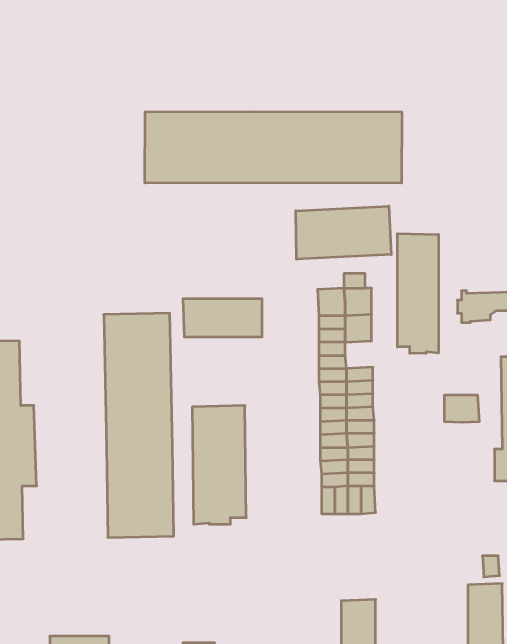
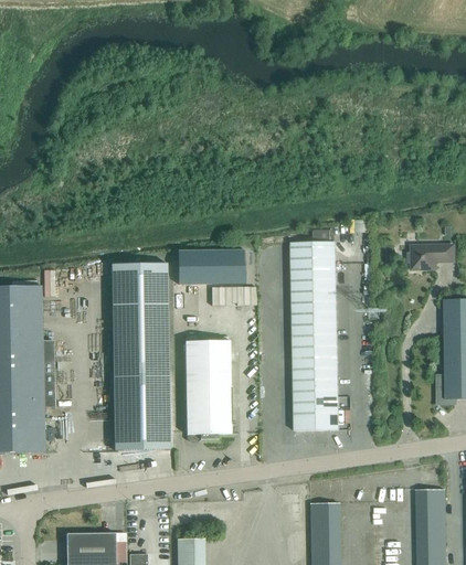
building: [145,112,402,183] -> none
building: [296,206,391,259] -> none
building: [397,234,438,353] -> none
building: none -> [314,286,337,309]
building: [445,395,479,422] -> none

